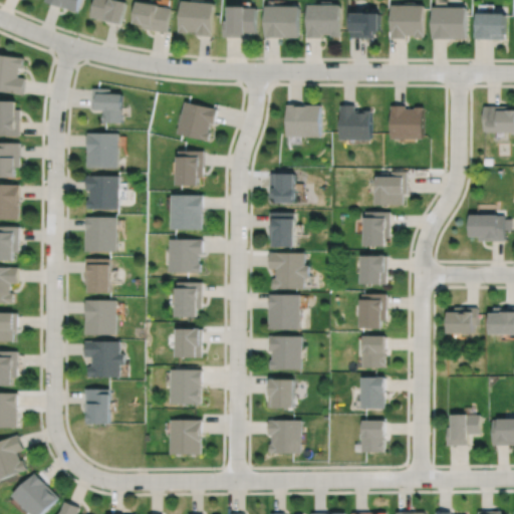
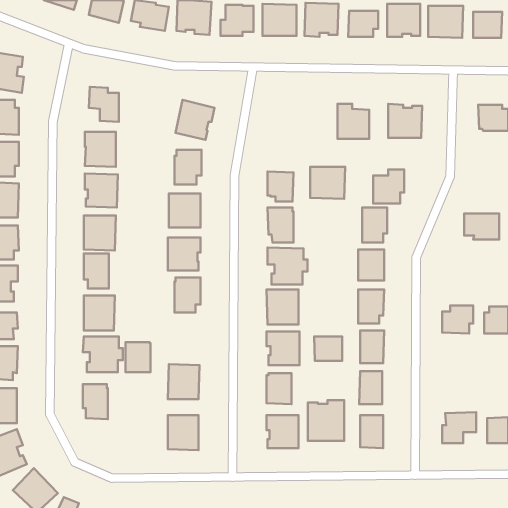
building: [286,106,321,139] -> [310,167,345,199]
building: [176,327,201,357] -> [126,342,151,372]
building: none -> [314,336,342,361]
building: none -> [308,400,344,441]

